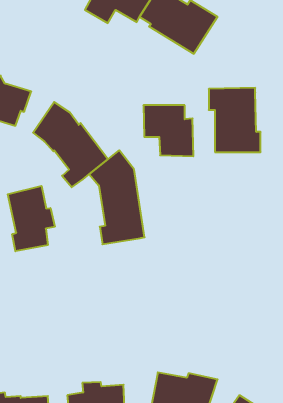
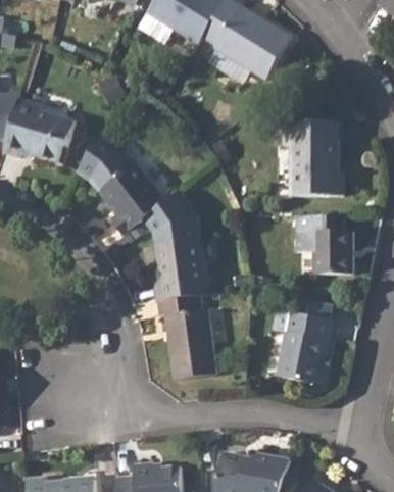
building: [143,105,193,156] -> [294,214,352,274]
building: [8,186,55,251] -> none
building: none -> [157,295,218,380]
building: none -> [279,310,333,384]

